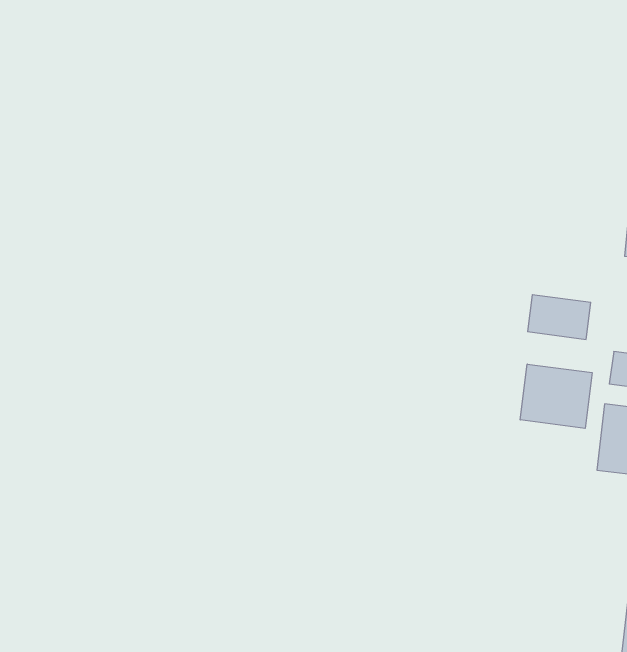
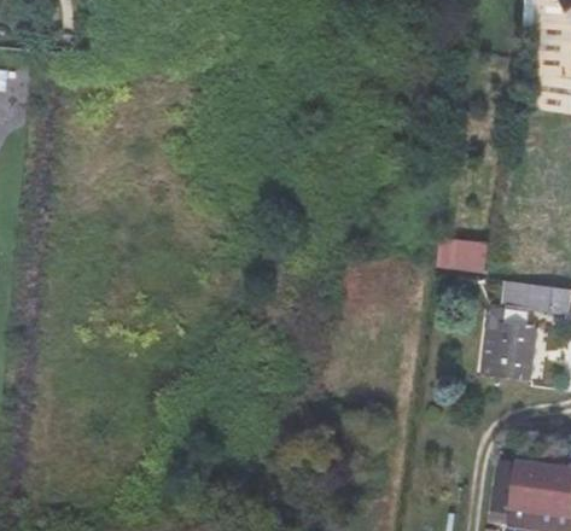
building: [520,364,592,428] -> none

